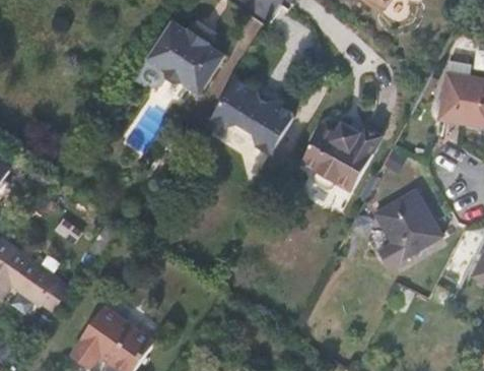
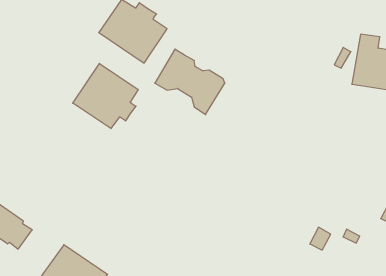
building: none -> [73,63,138,129]
building: [299,122,381,192] -> none
building: [374,190,440,268] -> none

